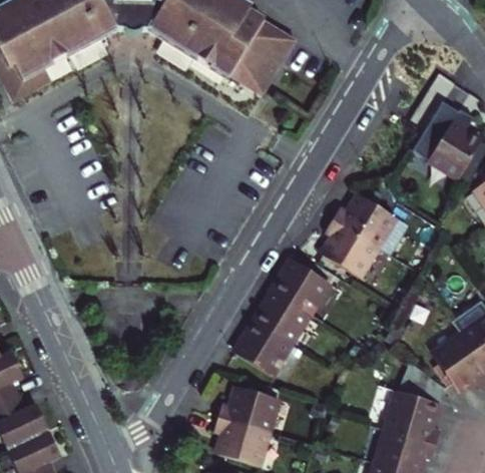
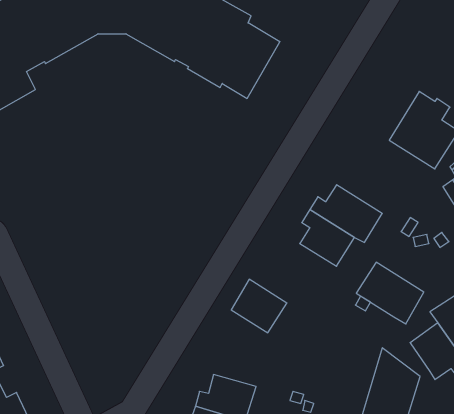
building: [271,257,339,319] -> [356,262,424,324]
building: [233,319,290,373] -> none

